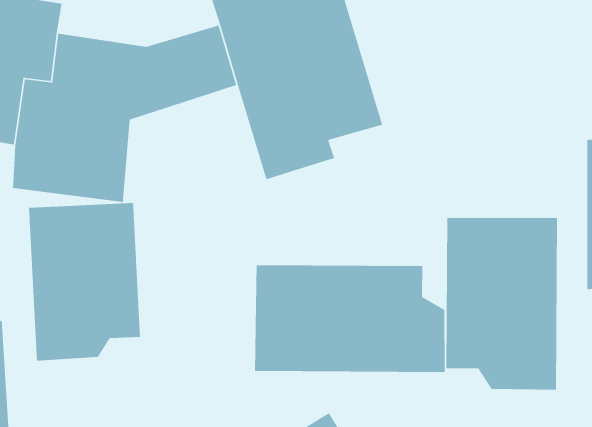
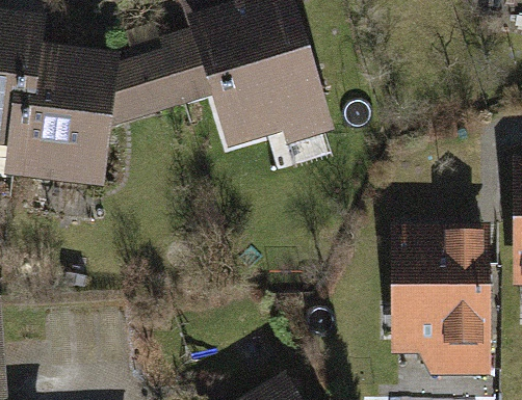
building: [28,202,141,361] -> none
building: [254,264,445,373] -> none

